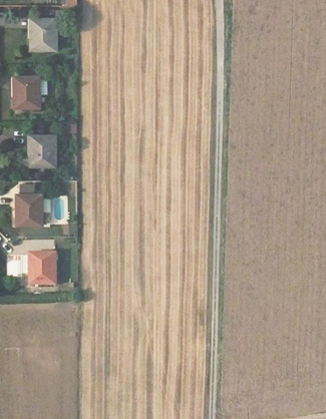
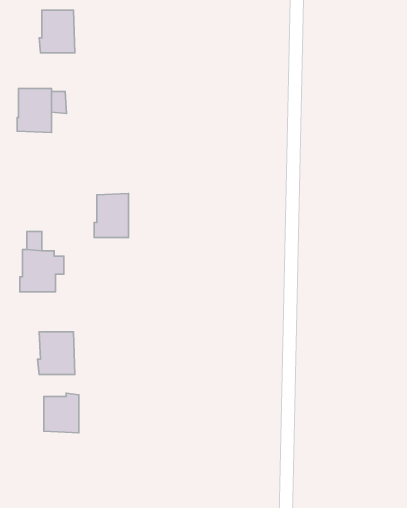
building: [30,133,55,165] -> [94,194,128,238]
building: none -> [44,393,79,433]

